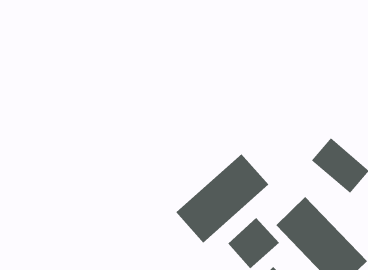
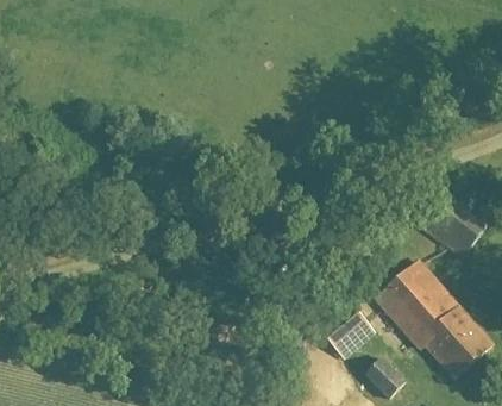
building: [176,153,269,243] -> none

